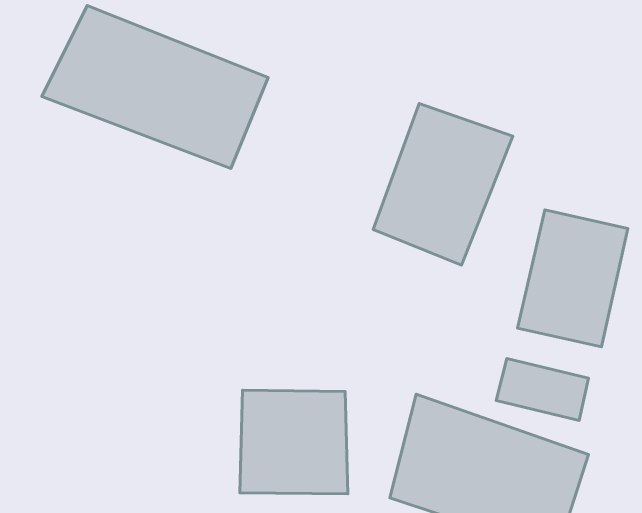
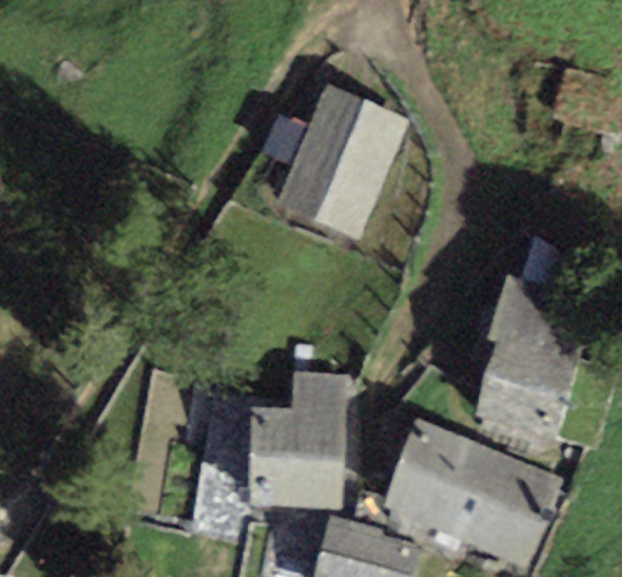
building: [42,5,268,168] -> none
building: [373,103,513,265] -> [276,89,405,238]

